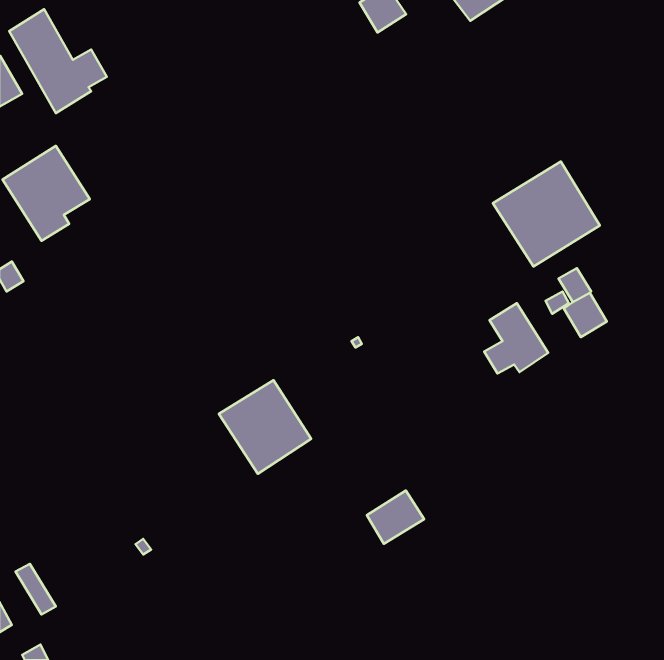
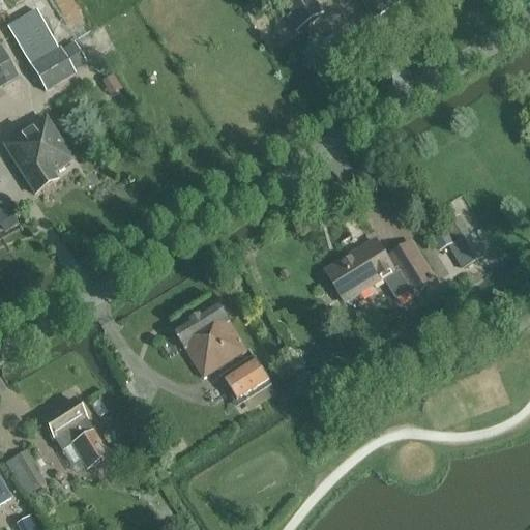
building: [493,161,600,267] -> none
building: none -> [325,238,395,302]
building: [367,490,424,544] -> [225,358,270,401]
building: none -> [40,396,109,469]

